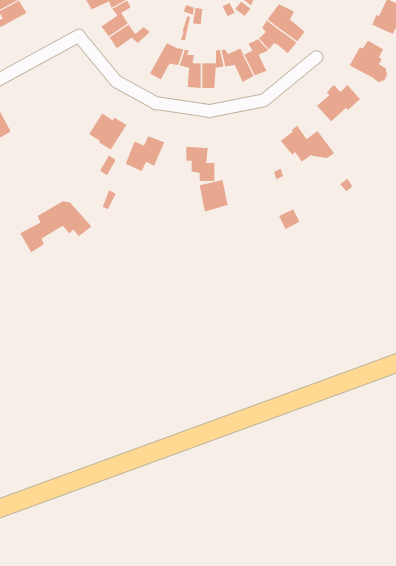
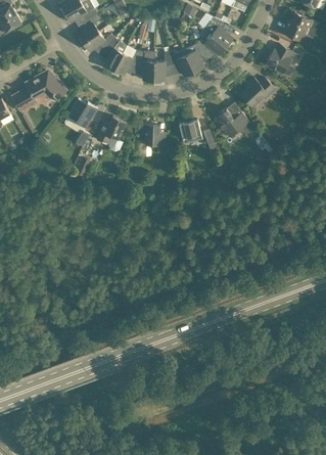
building: none -> [104,37,127,69]
building: [199,180,228,212] -> [179,119,201,143]
building: [19,201,92,254] -> [11,71,66,110]

